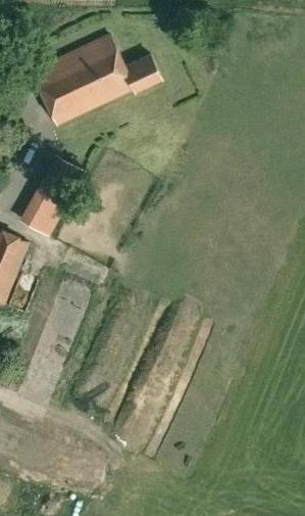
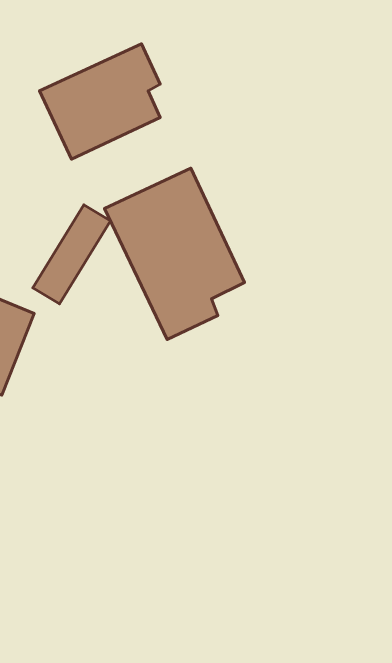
building: [114,55,162,93] -> none
building: none -> [105,168,245,339]

